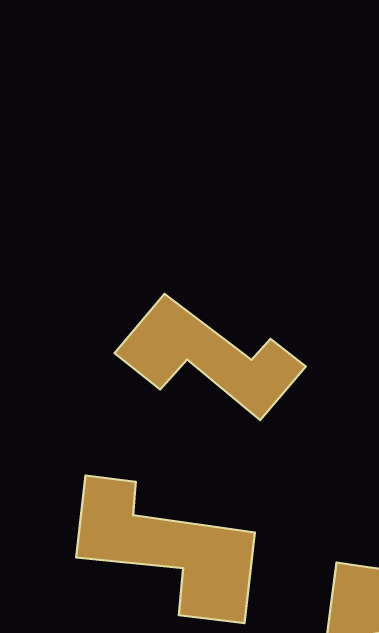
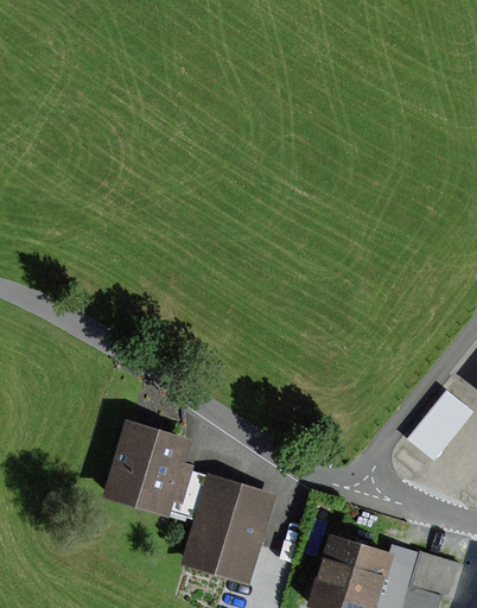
building: [115,294,306,420] -> none

